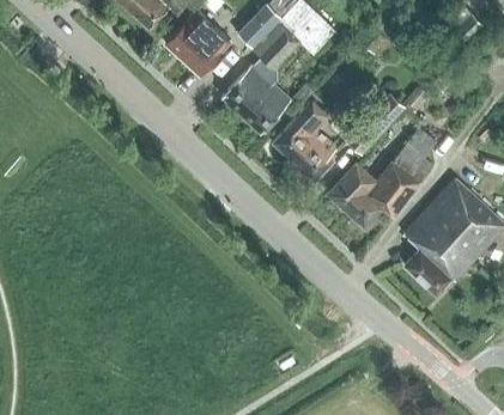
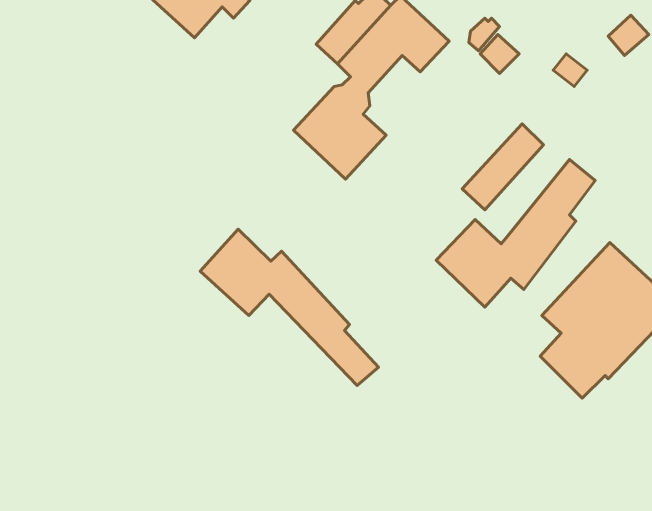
building: [164,11,229,75] -> none
building: [271,99,335,182] -> none
building: none -> [200,229,378,385]

